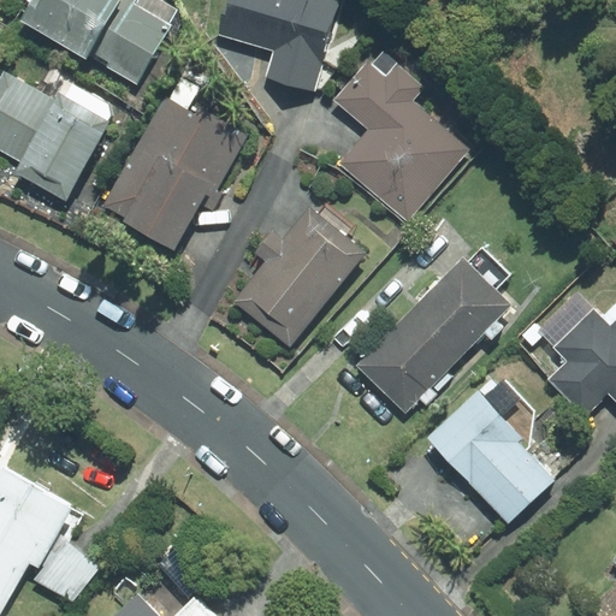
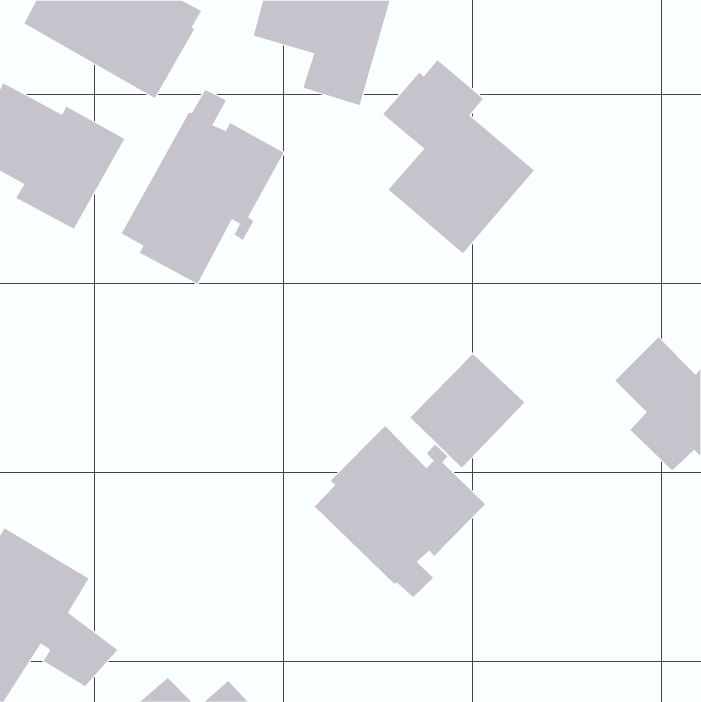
building: [233,207,362,345] -> none
building: [414,248,508,353] -> none
building: none -> [314,425,486,598]
building: [428,379,553,523] -> none

